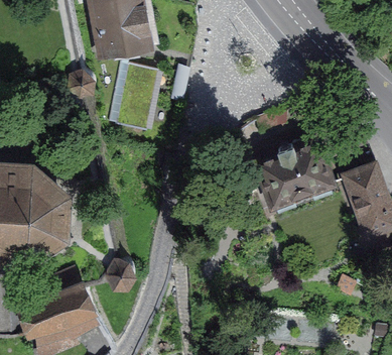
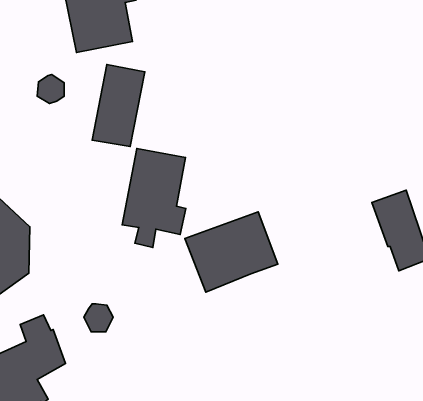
building: none -> [122,148,186,247]
building: [256,141,333,208] -> [185,212,278,292]

